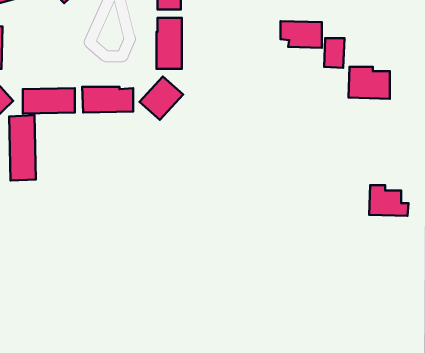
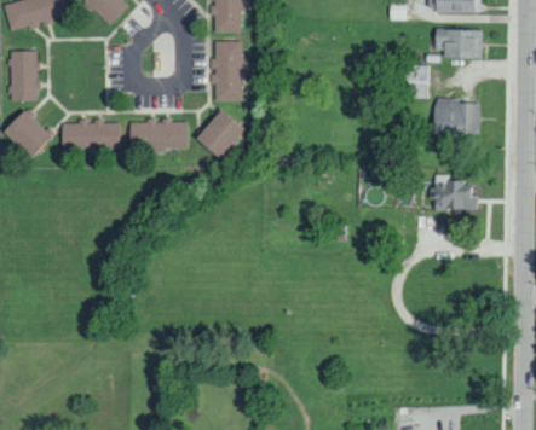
building: [281,21,322,48] -> [434,29,482,59]
building: [9,115,36,181] -> none
building: [369,185,409,216] -> [433,175,478,210]

